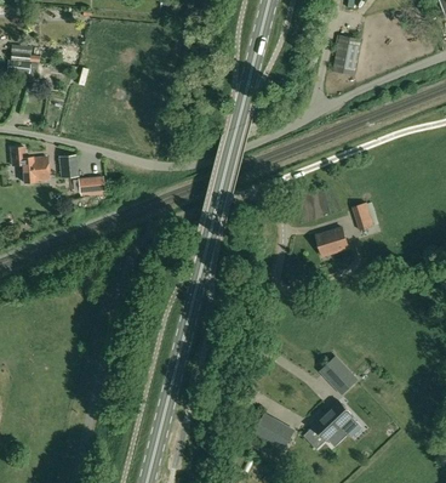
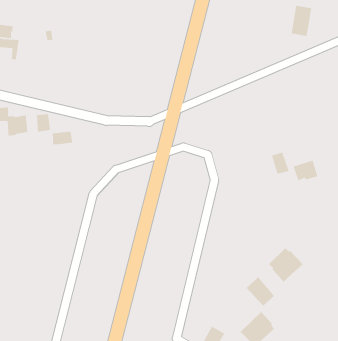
building: [333,34,360,73] -> [291,5,312,36]
building: [315,226,347,252] -> [293,160,318,181]
building: none -> [268,247,303,282]

